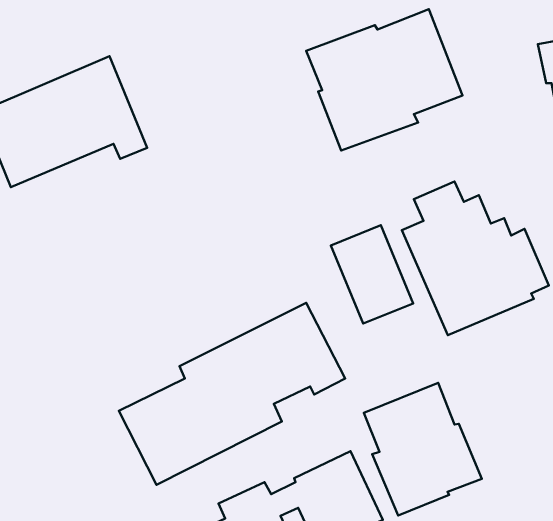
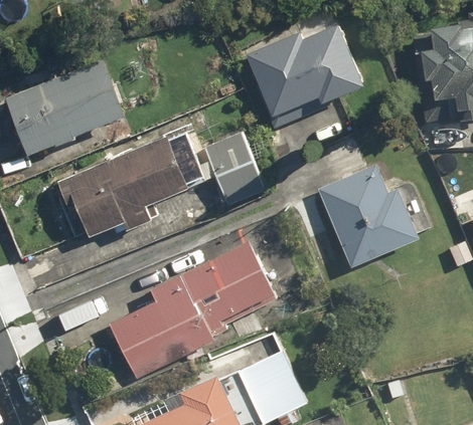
building: none -> [57,141,189,237]
building: [331,225,413,324] -> [204,131,266,204]
building: [364,383,482,516] -> none

